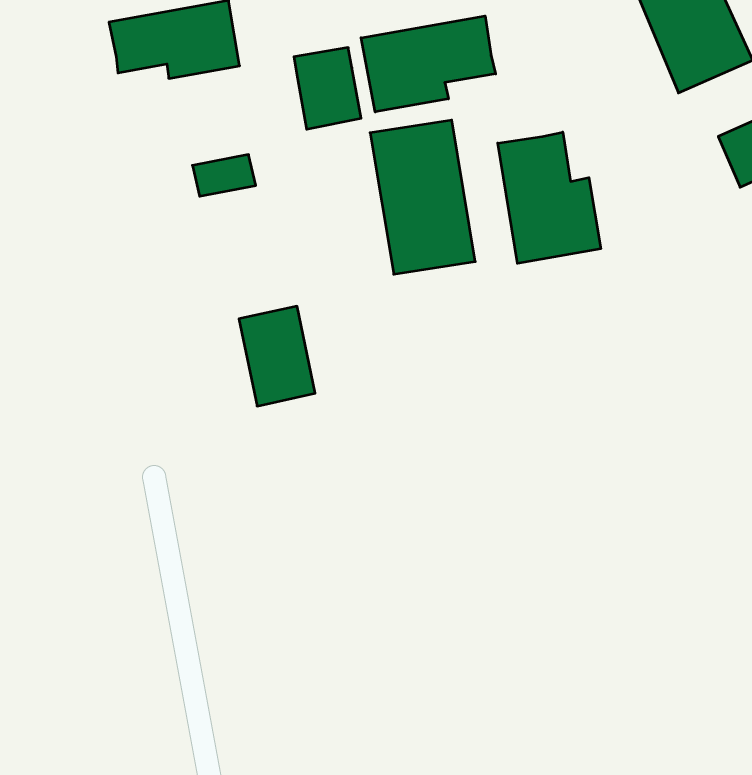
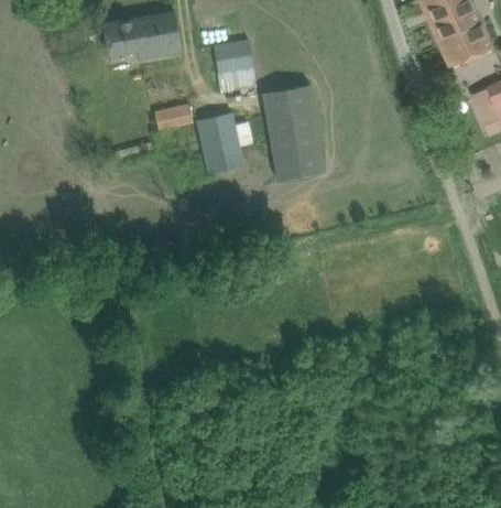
building: [361,16,496,112] -> none
building: [498,132,601,263] -> none
building: [239,306,315,406] -> [195,114,241,174]

